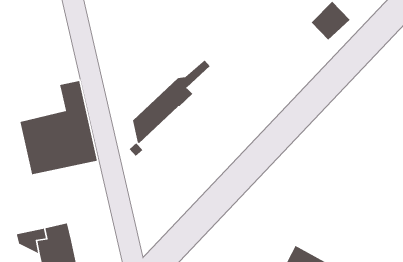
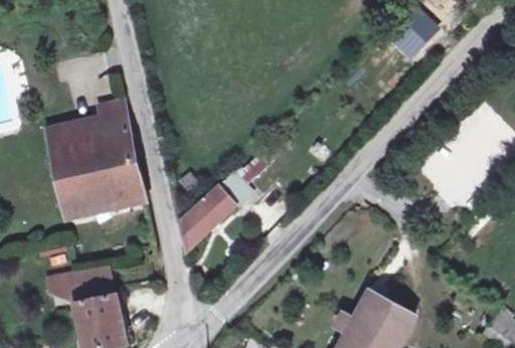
building: [132,59,211,144] -> [179,151,271,249]
building: none -> [46,115,105,150]

